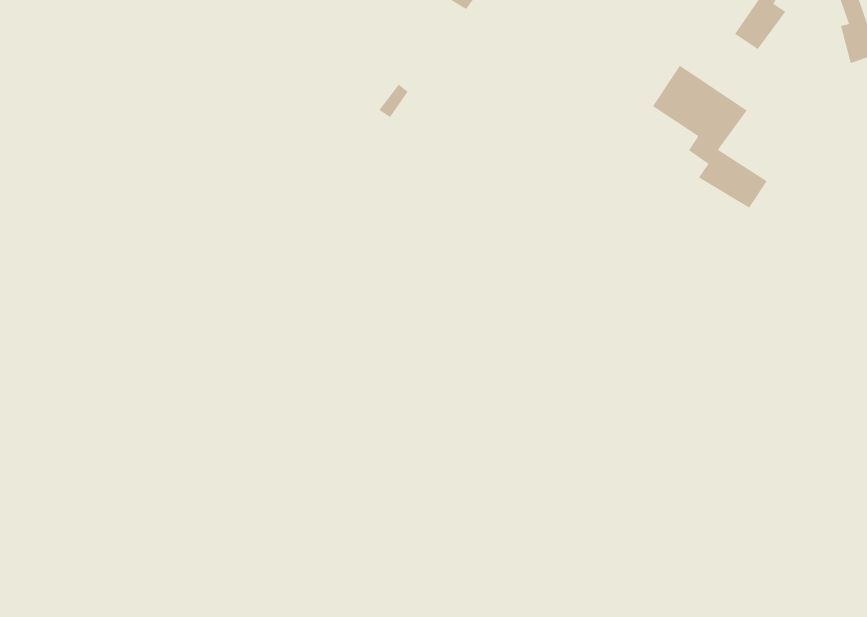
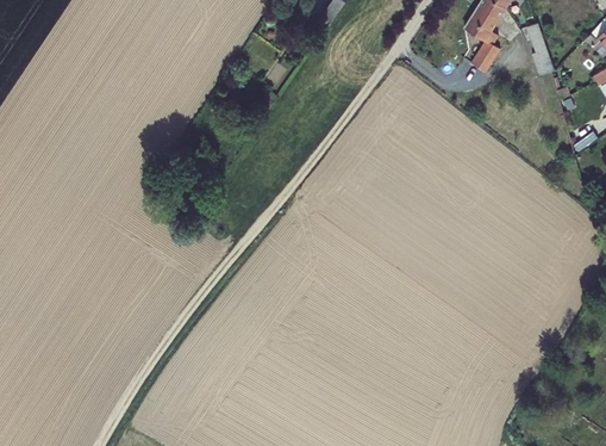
building: [652,65,767,209] -> none

